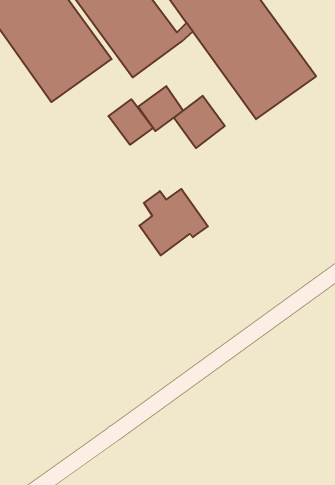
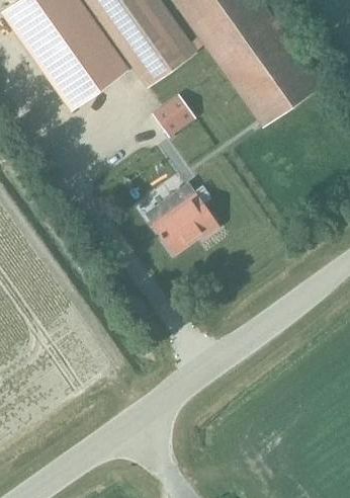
building: [174,96,225,148] -> none
building: [108,99,153,145] -> none

